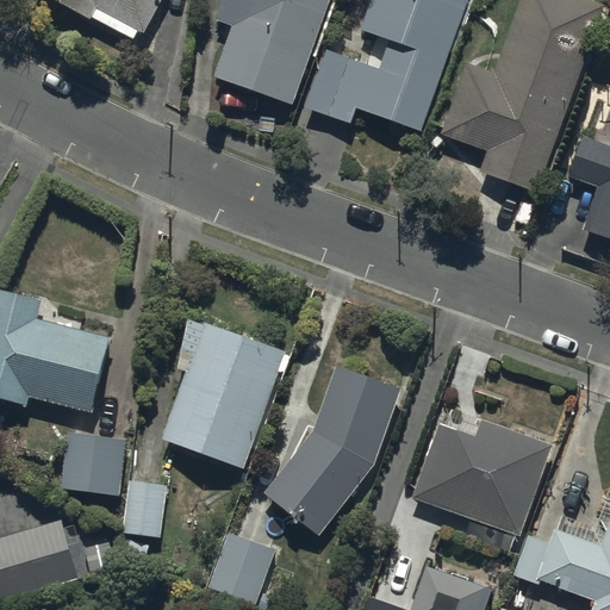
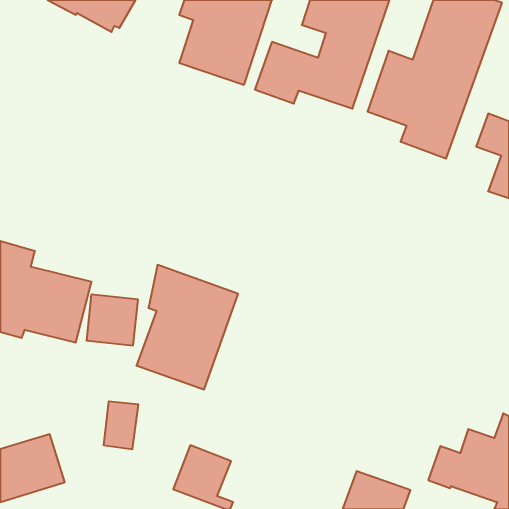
building: [266,363,400,534] -> none
building: [412,418,553,553] -> none
building: [62,432,124,493] -> [86,295,138,345]

